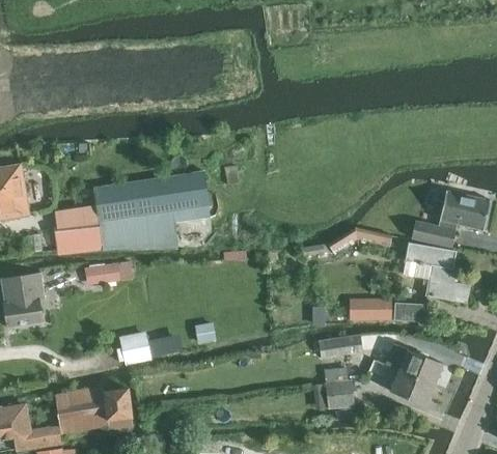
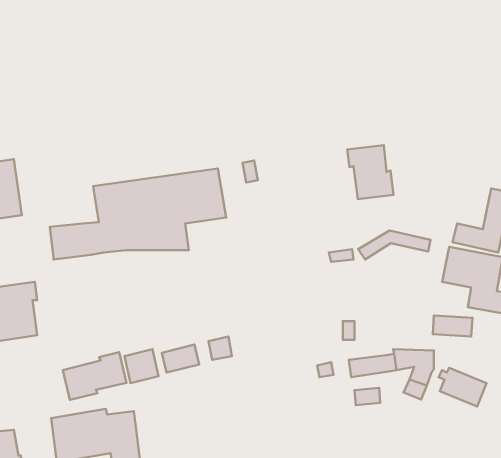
building: none -> [347,145,394,199]
building: [86,261,120,283] -> none
building: [350,300,391,319] -> none
building: none -> [63,352,127,400]
building: [391,370,434,405] -> none
building: [326,380,354,407] -> none

